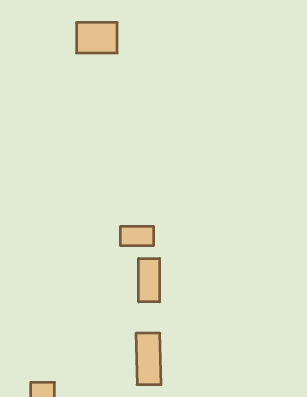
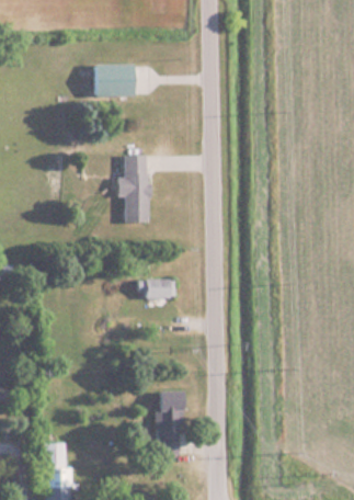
building: none -> [117,154,150,221]
building: [139,258,160,302] -> none

